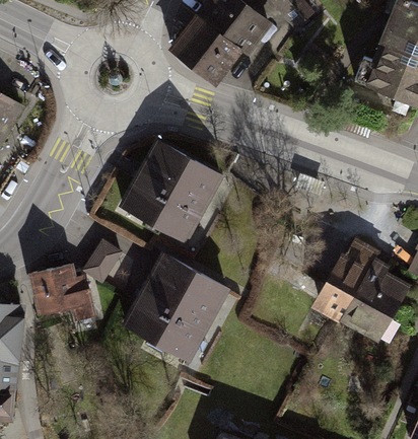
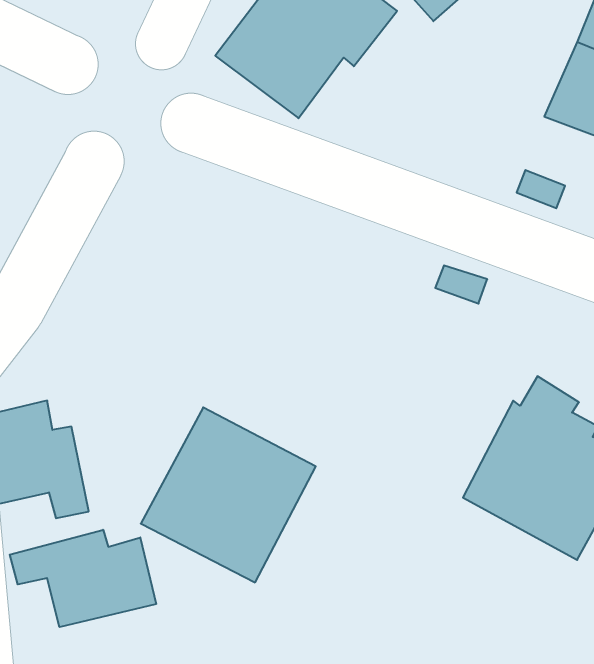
building: [118,140,219,243] -> none
building: [83,240,122,282] -> none
building: none -> [10,530,156,627]

